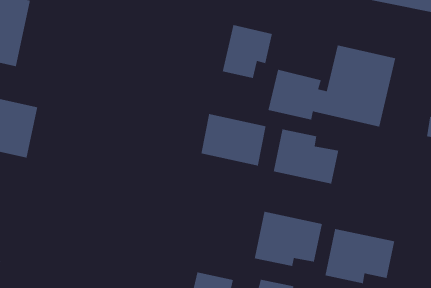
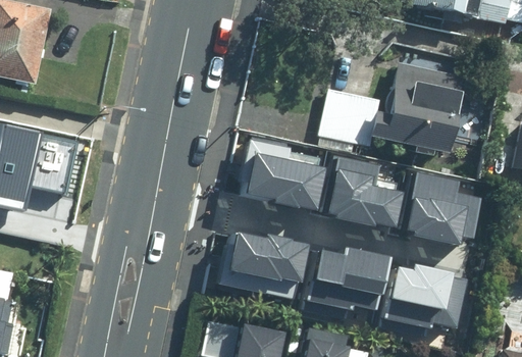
building: [222,24,273,79] -> none
building: none -> [404,170,478,237]
building: none -> [224,236,301,297]

